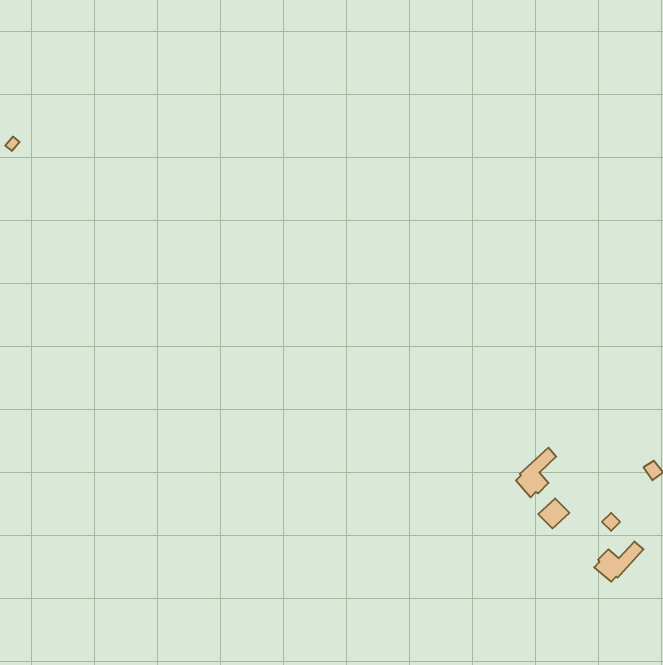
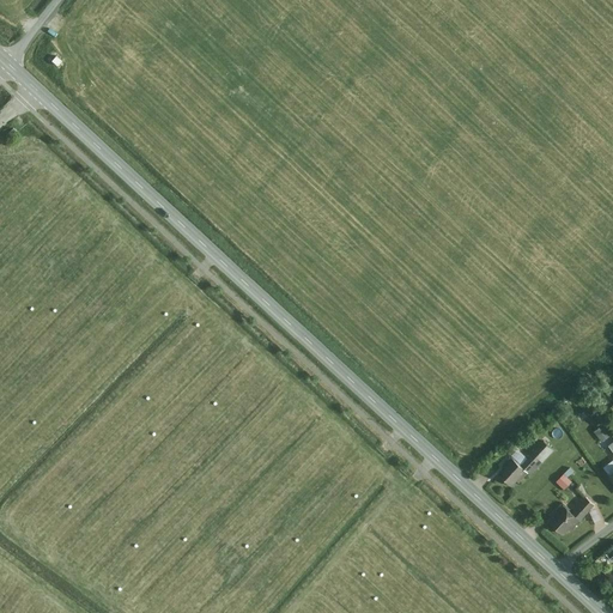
building: [516,448,556,497] -> none

